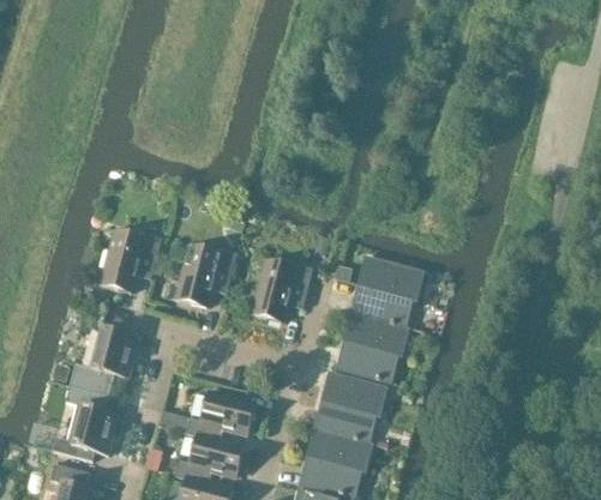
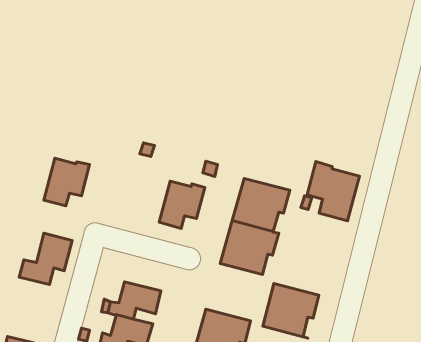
building: none -> [307,162,359,221]
building: [176,245,236,307] -> none
building: [313,372,386,444] -> [263,283,319,338]
building: [52,386,118,460] -> none

